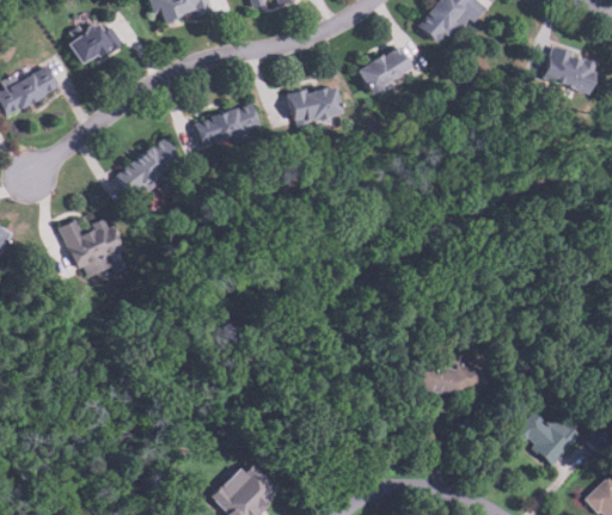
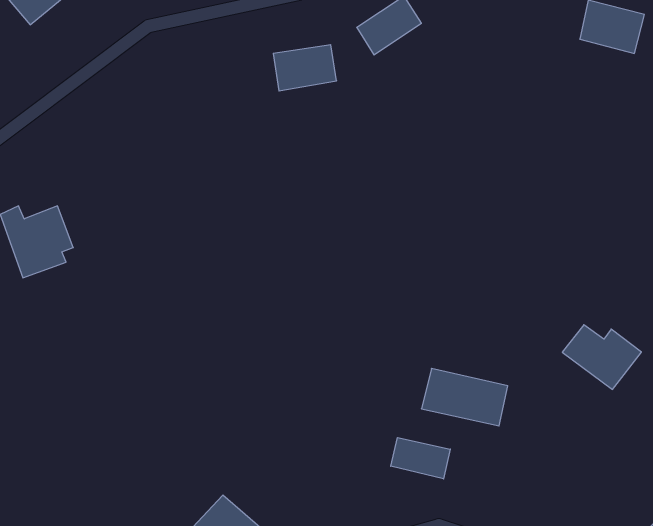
building: [194,103,259,148] -> none
building: [116,140,182,198] -> none
building: none -> [391,438,450,479]
building: [514,413,580,467] -> [562,325,641,389]

